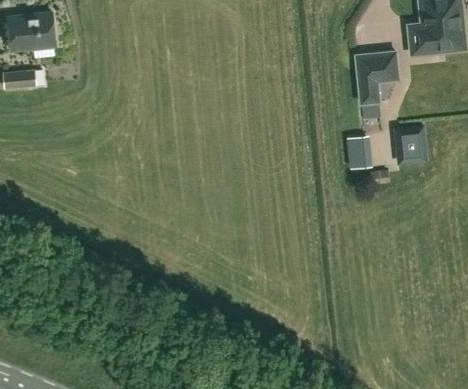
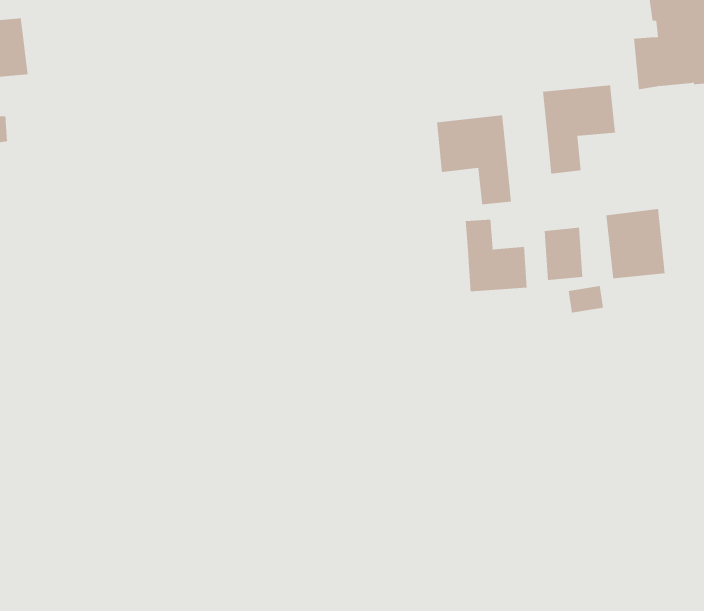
building: none -> [436,115,512,205]
building: none -> [465,219,527,292]

